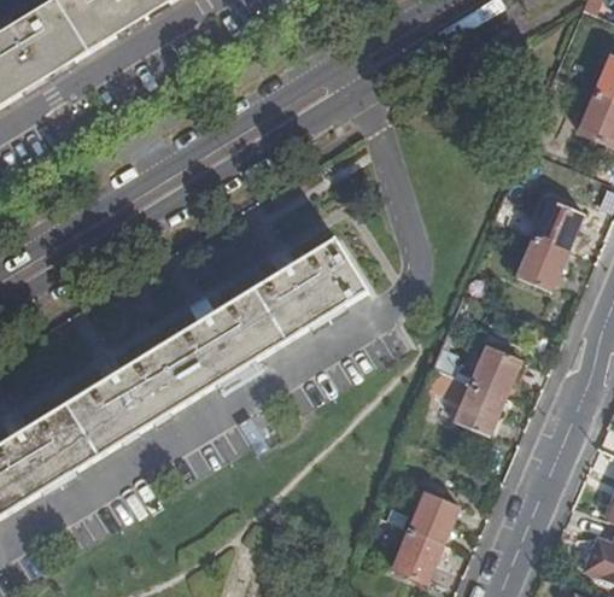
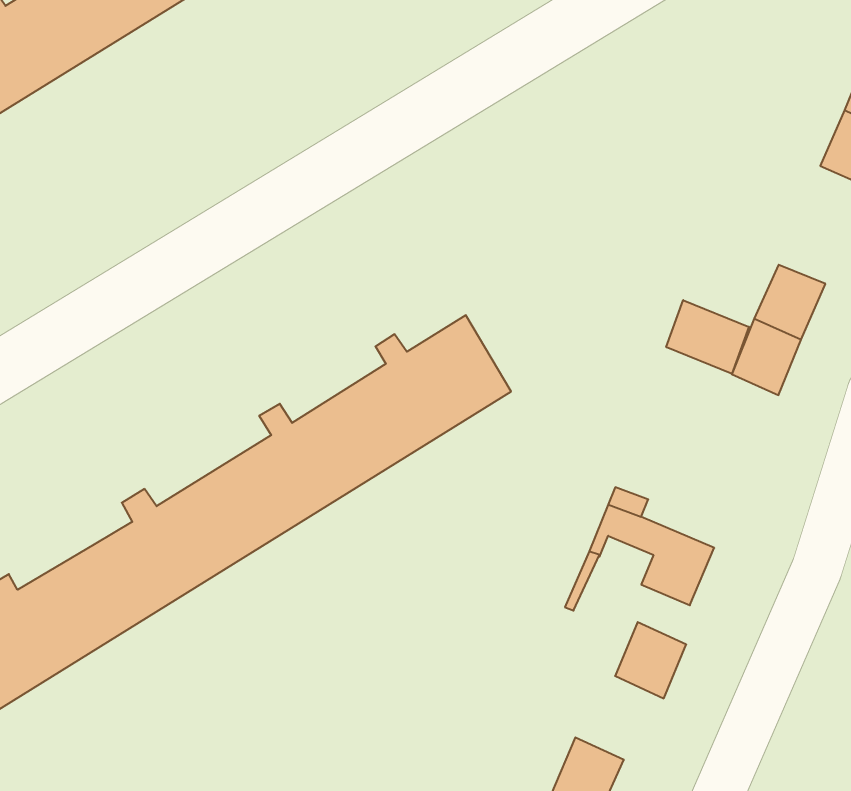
building: none -> [666,300,749,374]
building: [473,346,521,397] -> none
building: [410,491,460,544] -> [615,622,686,698]

